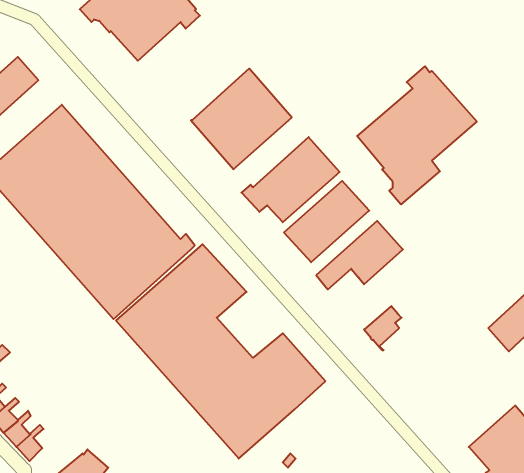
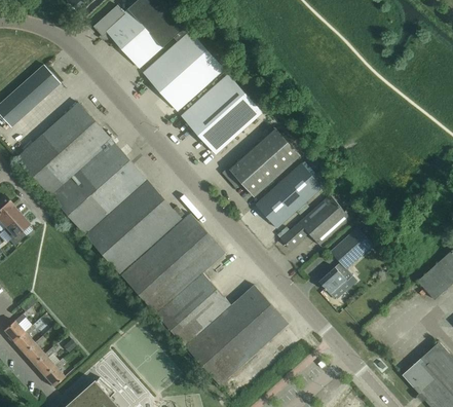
building: none -> [143,31,223,111]
building: [357,66,477,204] -> none
building: none -> [330,227,373,269]

